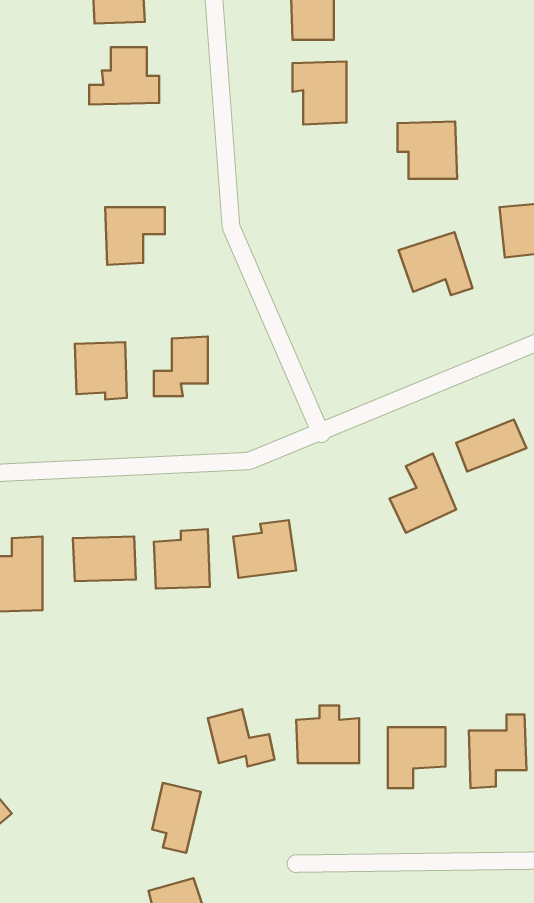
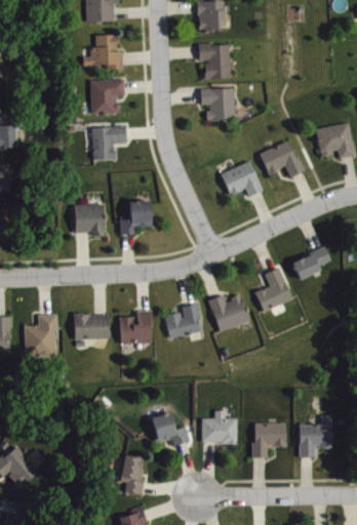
building: [398,121,457,179] -> [201,87,235,120]
building: none -> [90,79,124,114]
building: none -> [221,160,263,197]
building: none -> [209,295,249,330]

